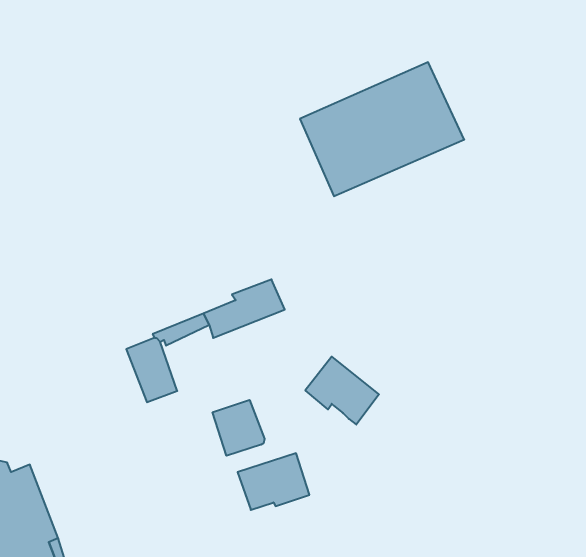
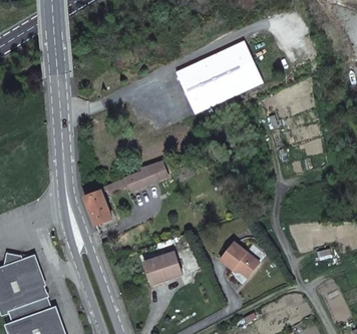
building: [305,357,379,425] -> [220,241,259,277]
building: [213,400,265,456] -> none

